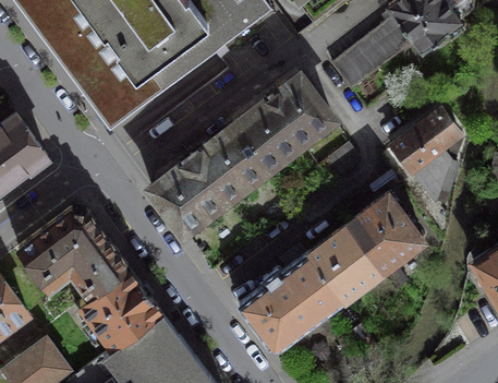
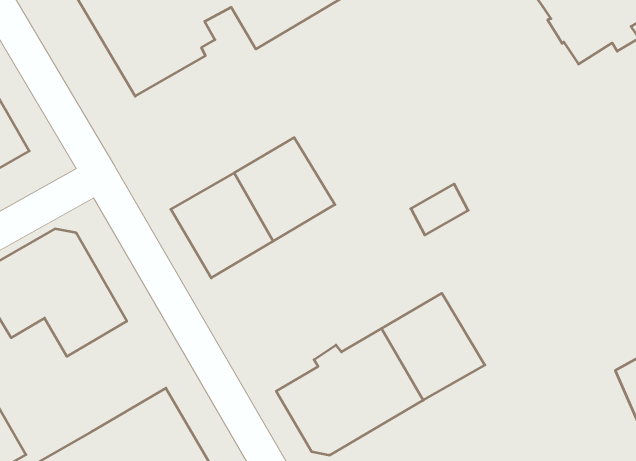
building: [331,16,408,92] -> none
building: [231,76,332,171] -> none
building: [392,111,463,202] -> none
building: [347,194,423,272] -> none
building: [81,270,161,349] -> none

